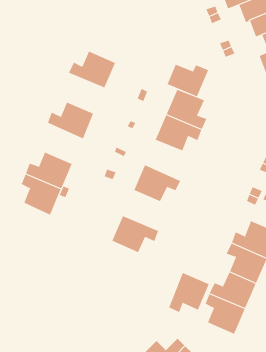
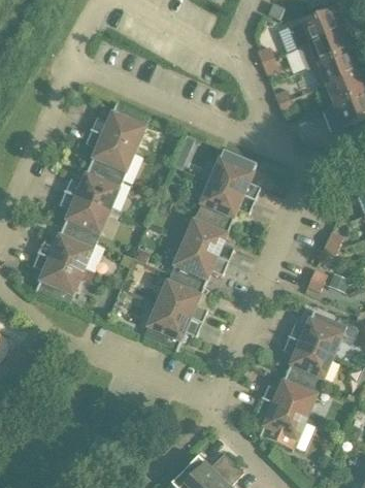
building: [167,64,209,97] -> none
building: none -> [86,130,135,180]
building: none -> [59,191,109,240]
building: none -> [184,212,233,261]
building: none -> [157,272,207,322]
building: [168,272,210,313] -> none

